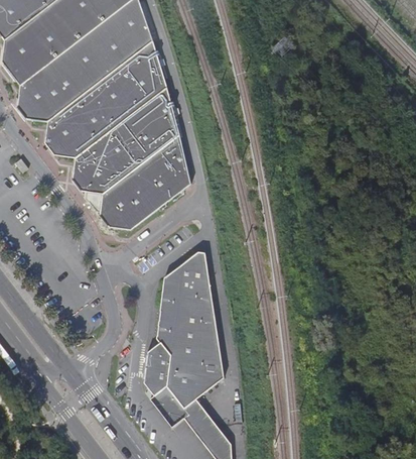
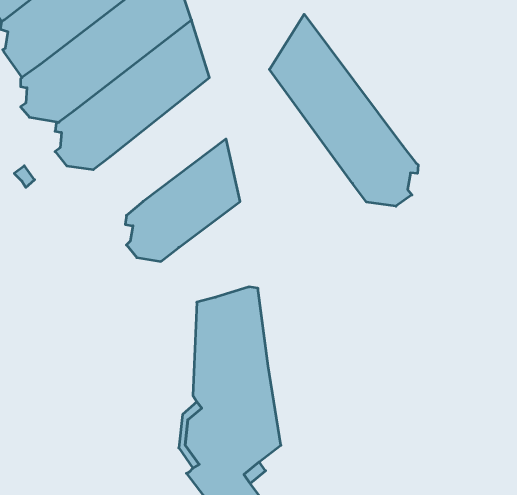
building: none -> [269,14,418,206]
building: [72,85,179,194] -> none

